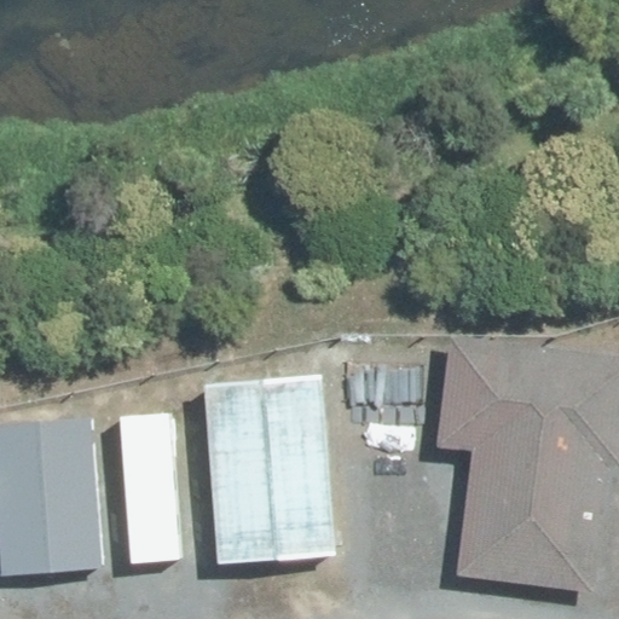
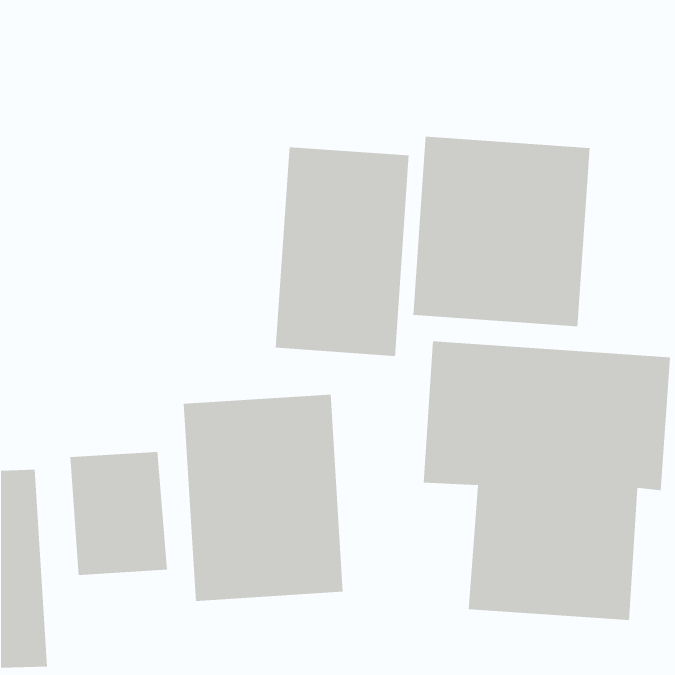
building: none -> [413,136,590,327]
building: none -> [275,146,409,357]

